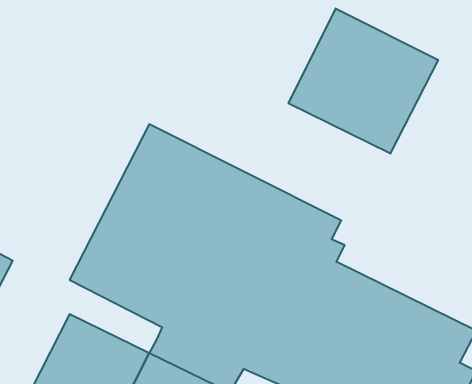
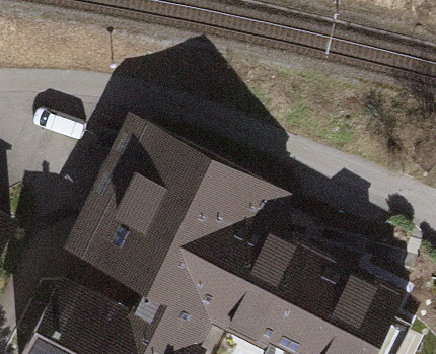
building: [289,8,438,154] -> none

